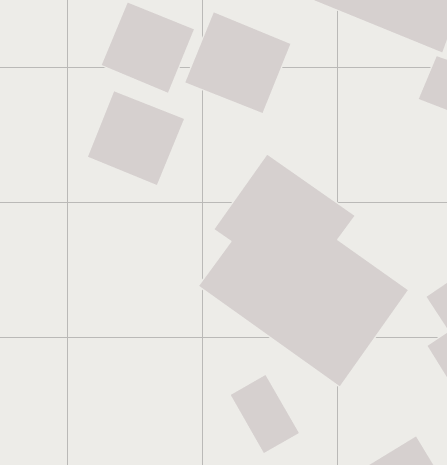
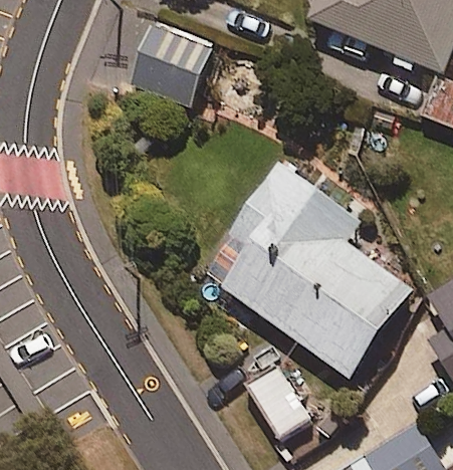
building: [184,12,291,114] -> none
building: [87,91,185,186] -> none

